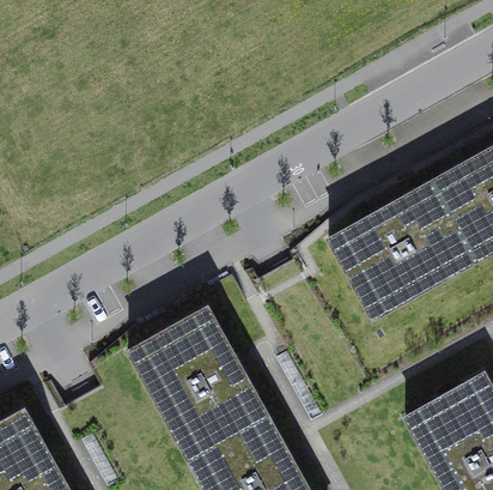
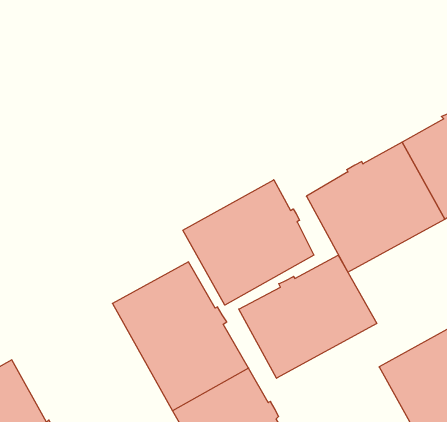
building: none -> [183,180,314,305]
building: none -> [239,255,377,378]

